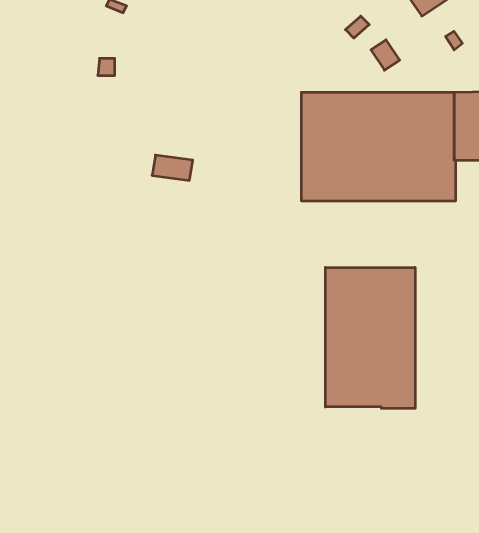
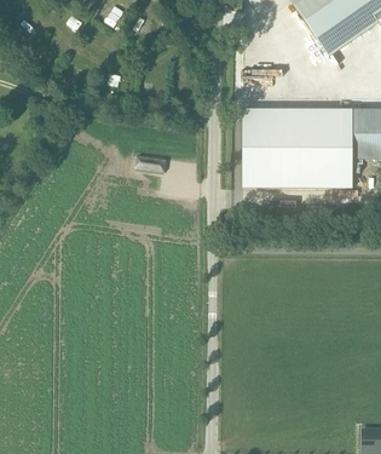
building: [325,267,415,408] -> none

